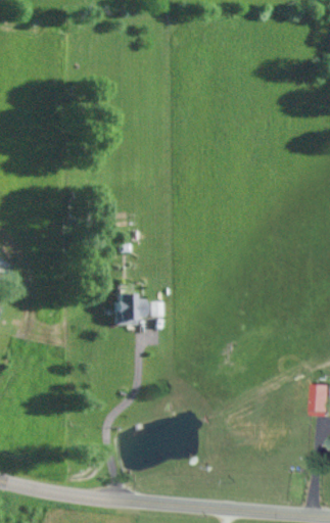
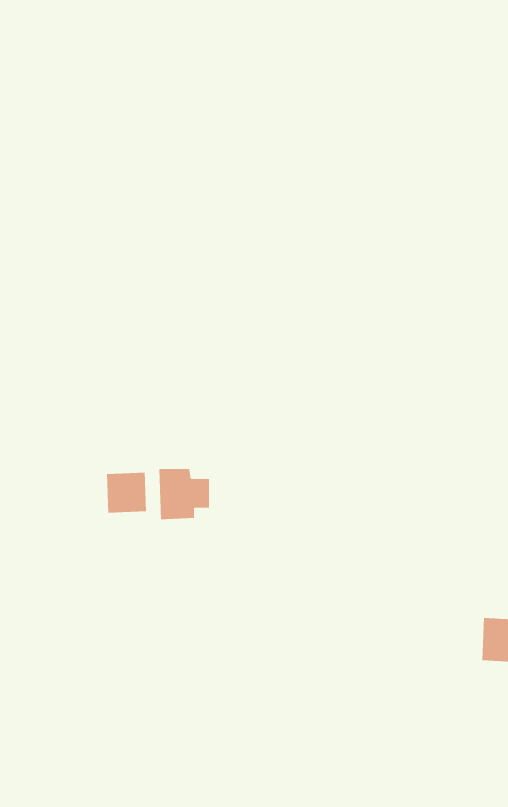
building: none -> [107,472,146,514]

